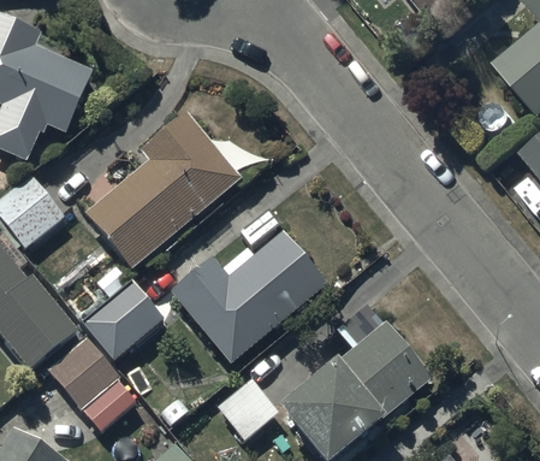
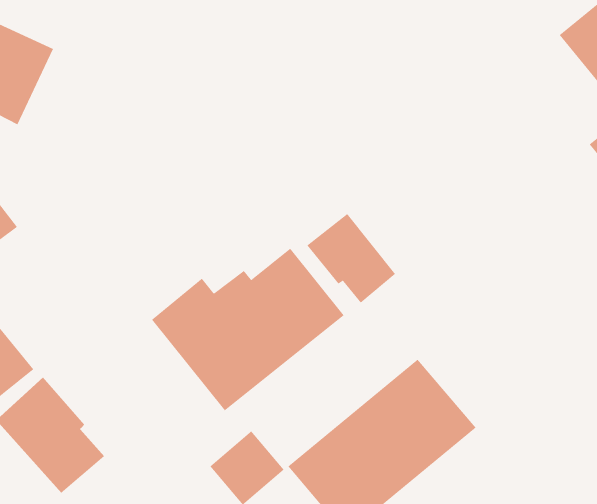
building: [85,111,242,267] -> none
building: none -> [306,213,396,304]
building: [82,278,165,359] -> none

